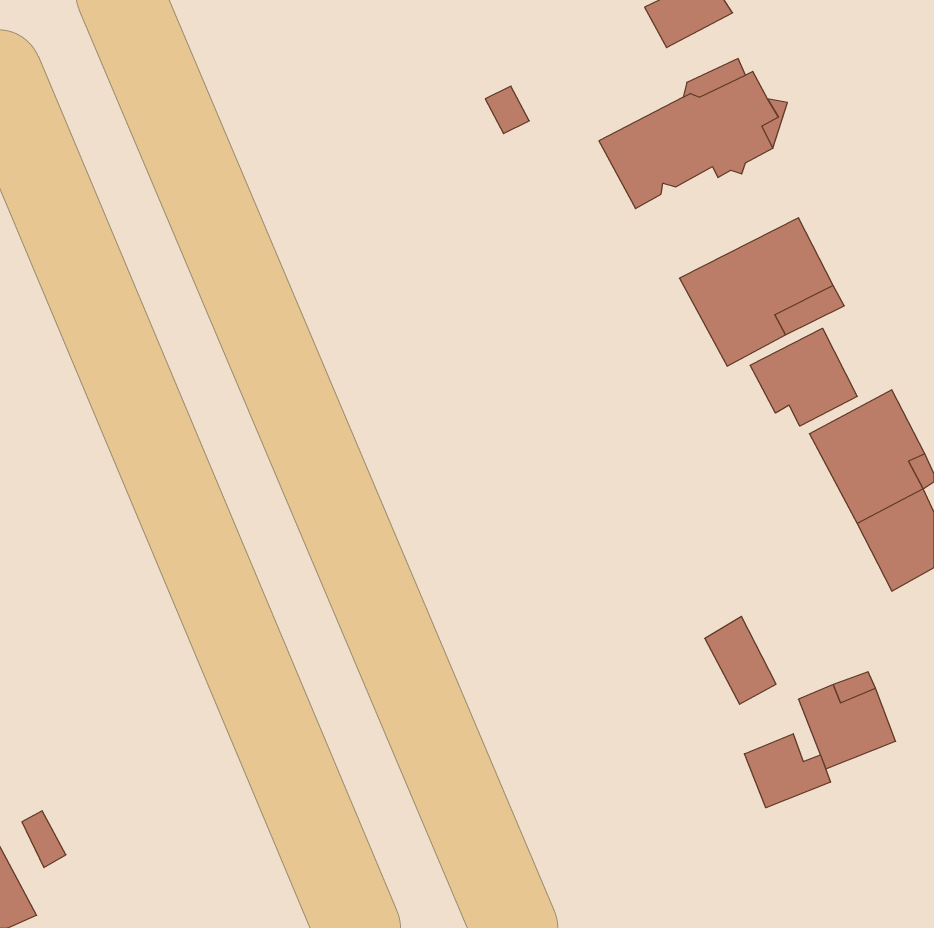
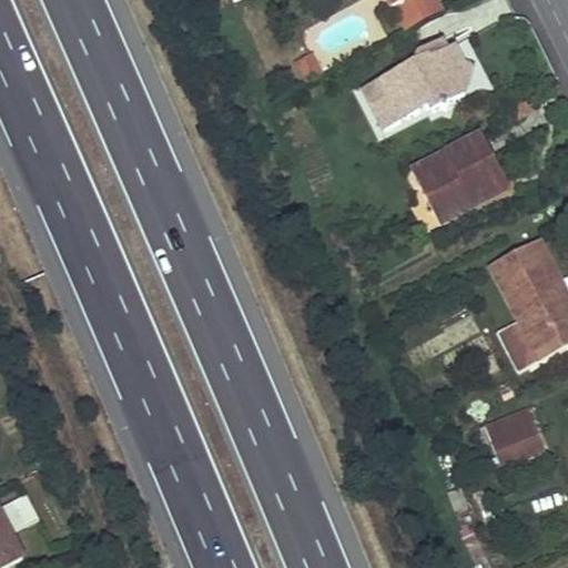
building: [750,328,857,426] -> none
building: [705,616,776,704] -> [497,317,540,371]
building: [744,734,830,808] -> none

